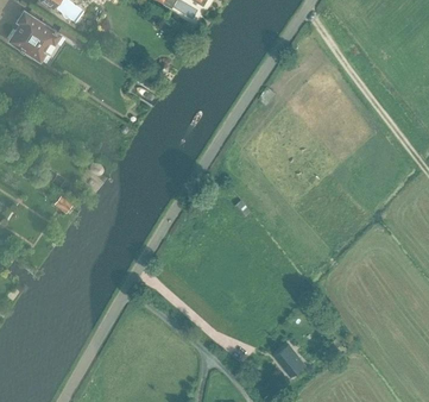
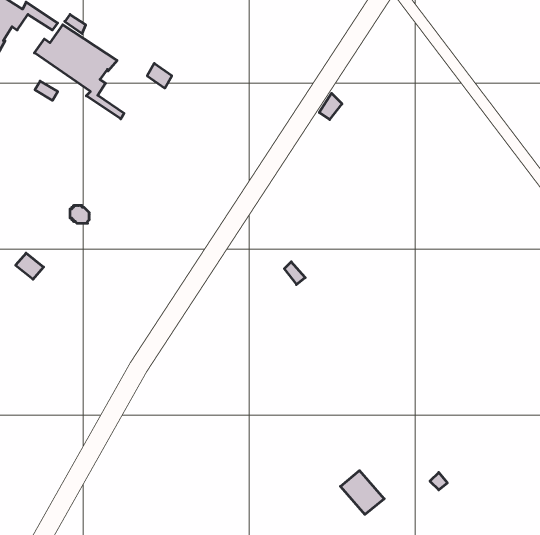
building: none -> [34,25,124,119]

